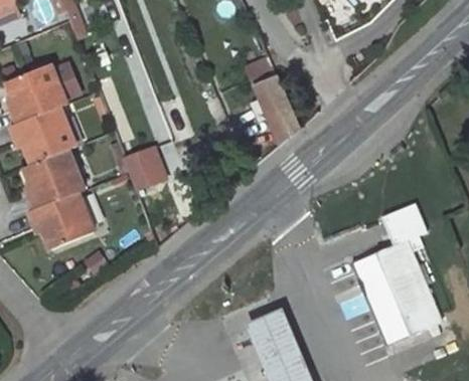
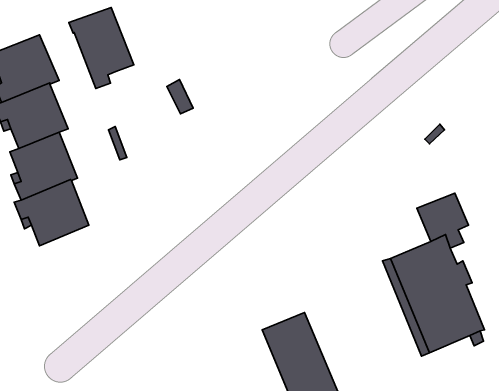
building: none -> [69,8,134,88]
building: [247,58,300,146] -> none
building: [124,146,164,187] -> none

